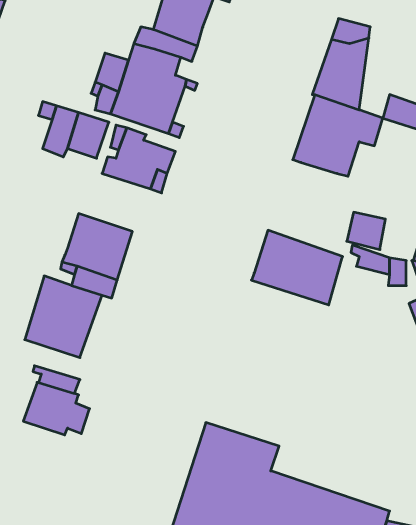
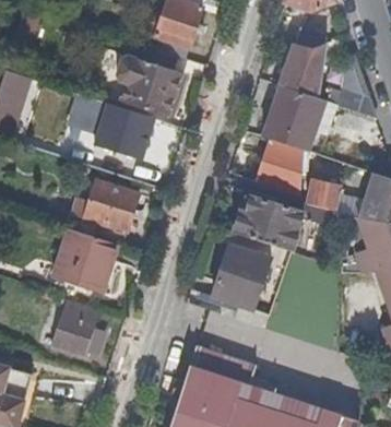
building: none -> [259,139,300,193]
building: none -> [211,240,270,308]

